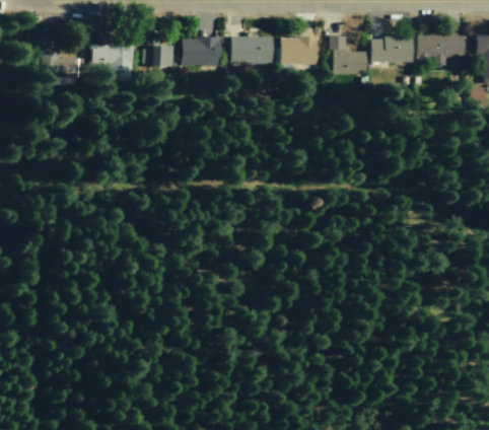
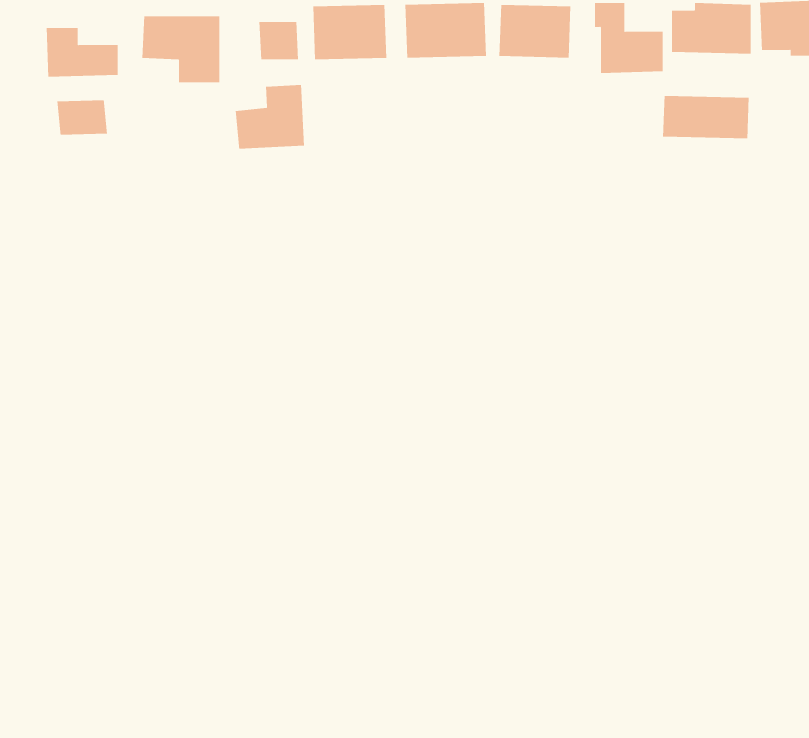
building: none -> [235,84,305,149]
building: none -> [663,95,749,139]
building: none -> [57,100,108,135]

